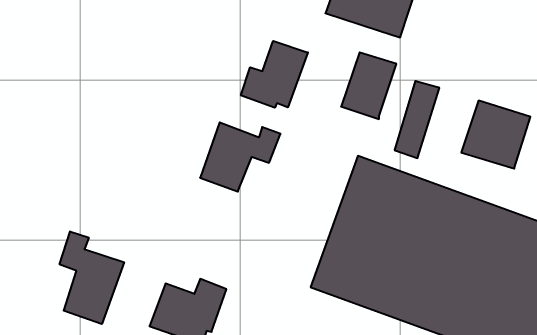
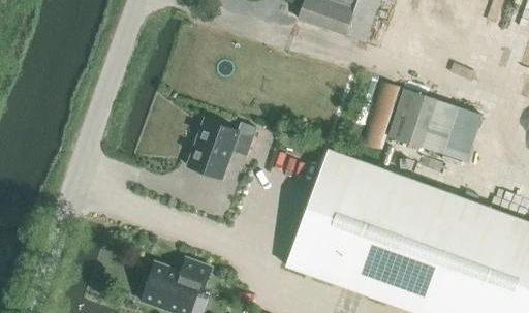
building: [241,41,308,108] -> none
building: [341,52,396,119] -> [387,89,437,149]
building: [60,231,124,324] -> none

